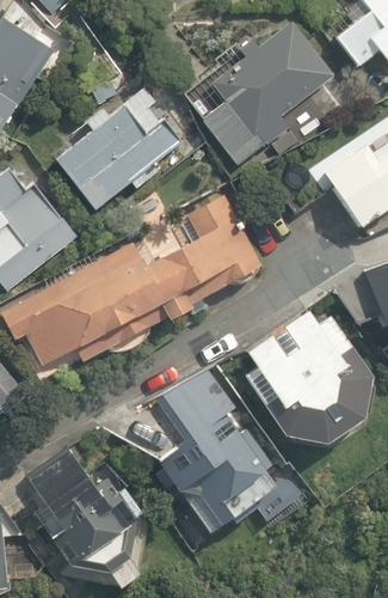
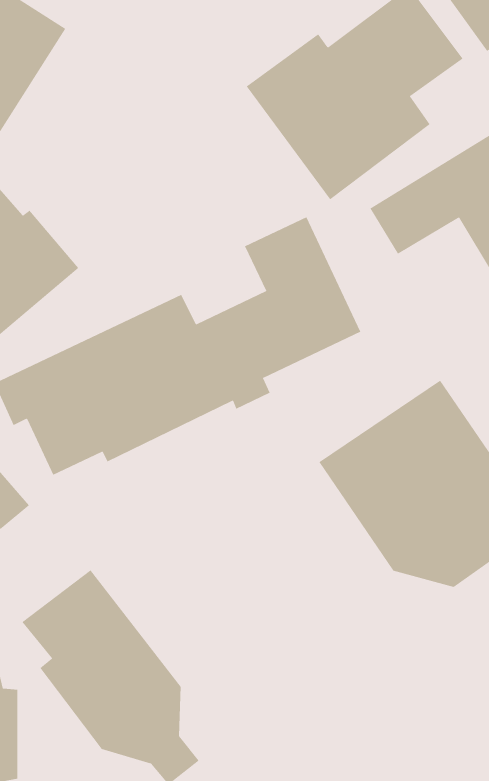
building: [54,100,175,203] -> none
building: [156,367,291,544] -> none

